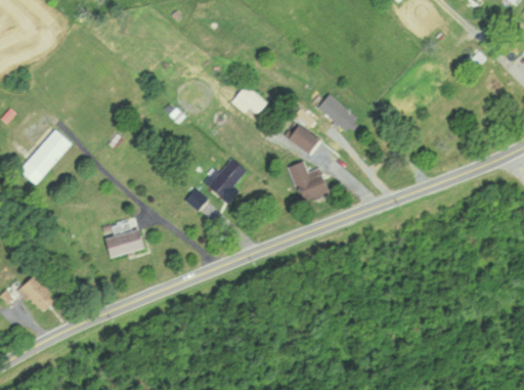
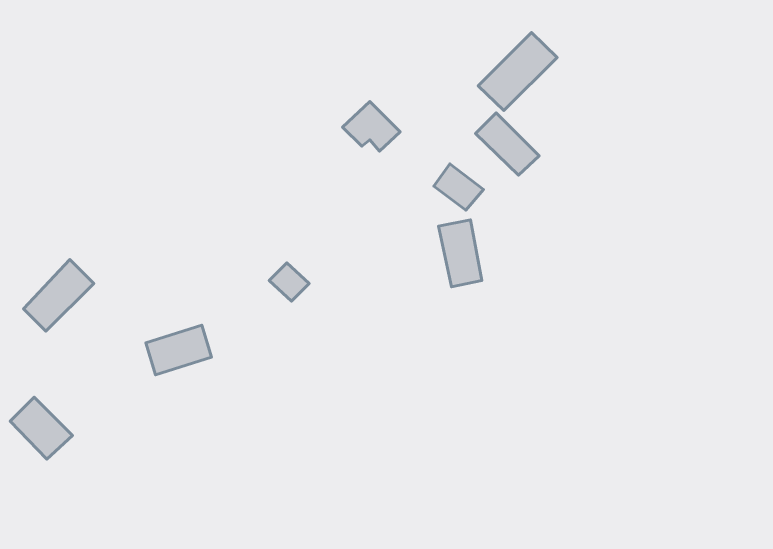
building: none -> [478,33,557,111]
building: [27,129,72,175] -> [23,259,94,331]
building: [208,156,248,200] -> none

